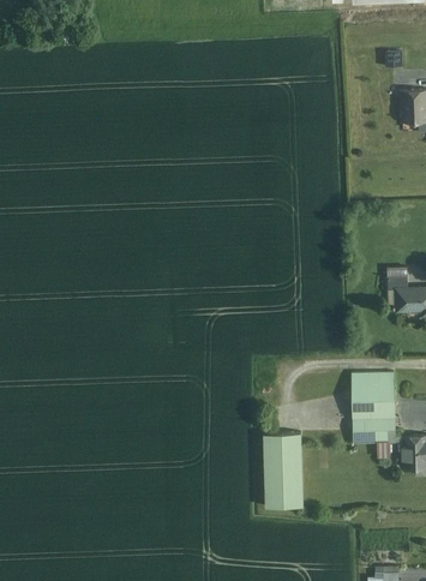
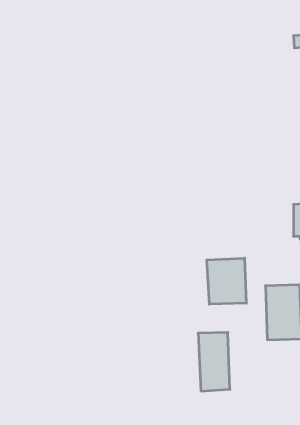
building: none -> [207,258,246,304]

